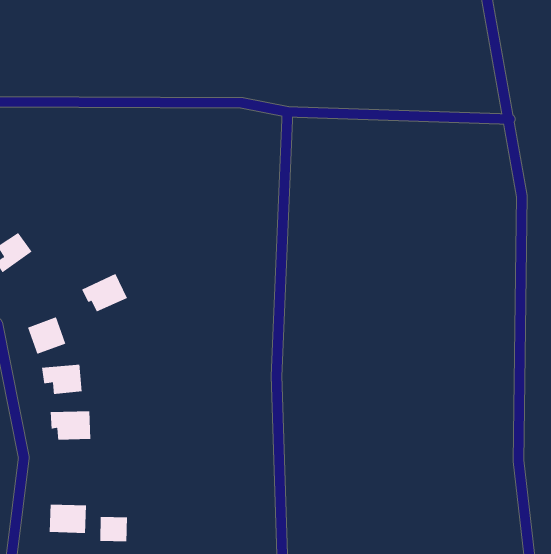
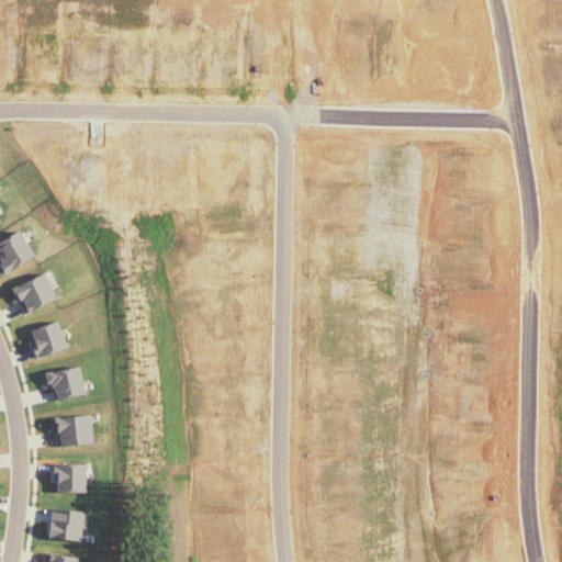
building: [81,273,128,312] -> [10,273,57,313]
building: none -> [55,464,86,493]
building: [100,516,128,542] -> none

